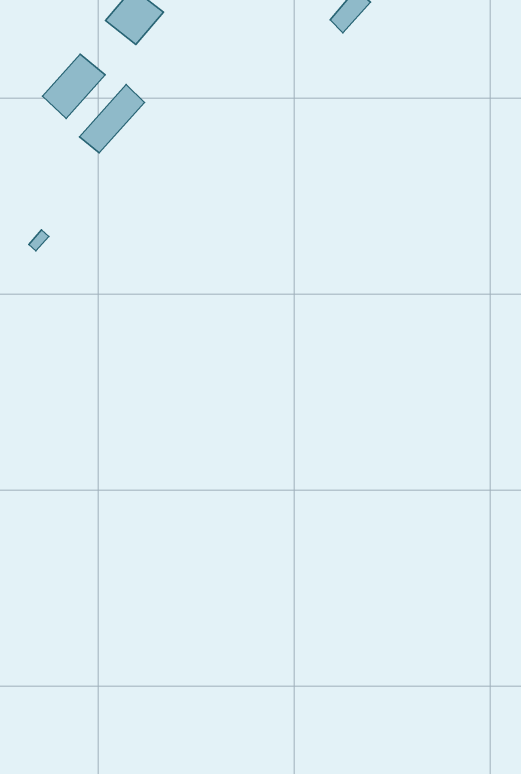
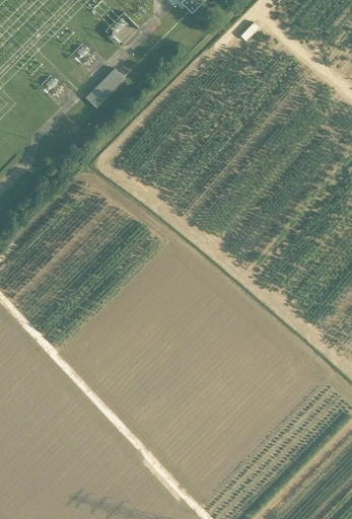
building: [43,54,105,119] -> none

